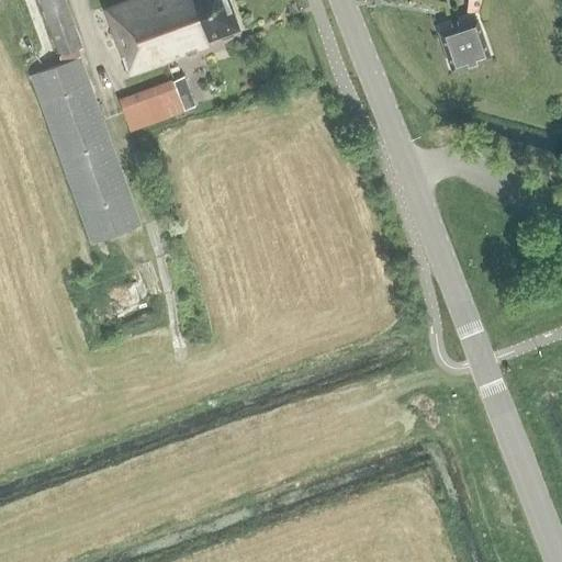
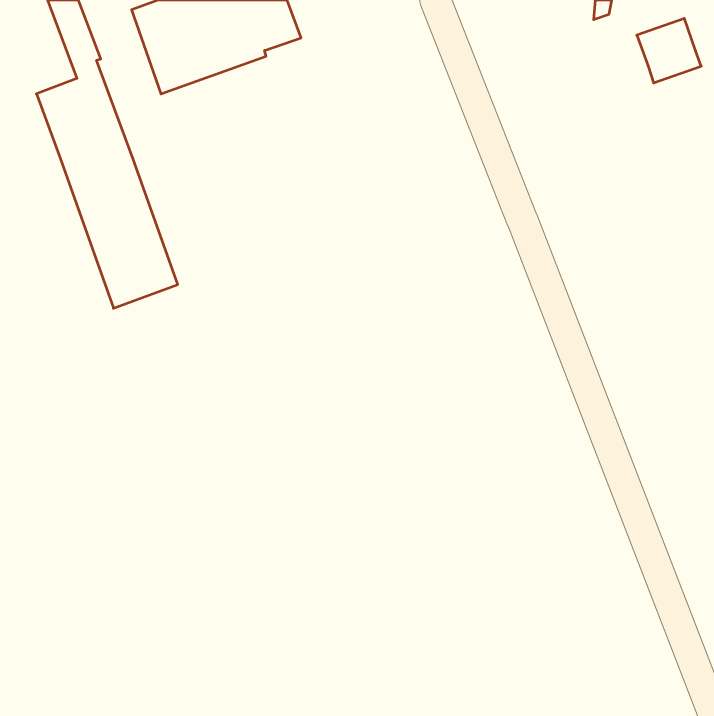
building: [439,18,490,68] -> [637,18,701,83]
building: [117,81,184,131] -> none

